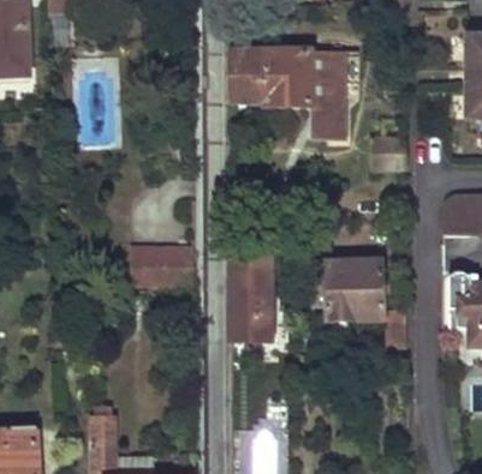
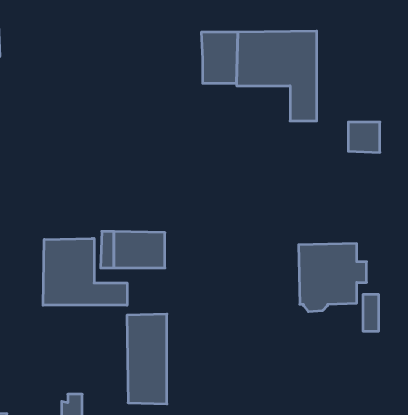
building: [231,253,270,342] -> [127,314,167,404]
building: none -> [43,238,127,305]

